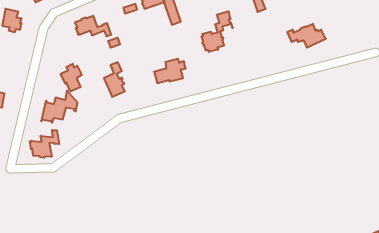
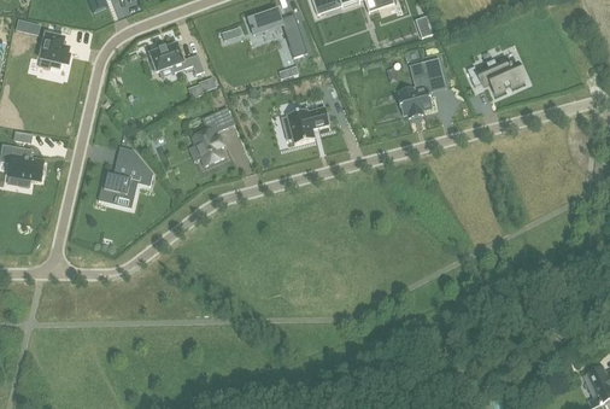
building: [201,12,233,52] -> [397,57,444,117]
building: [61,64,82,92] -> none
building: [30,130,59,158] -> none

